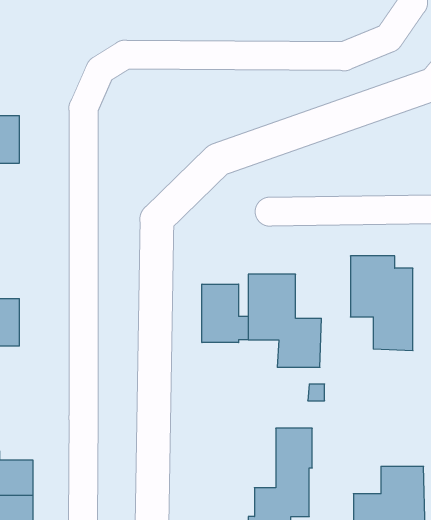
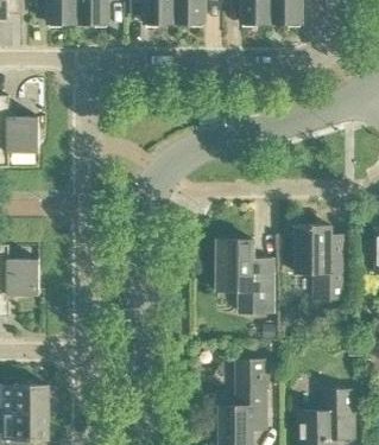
building: [202,284,248,343] -> none

